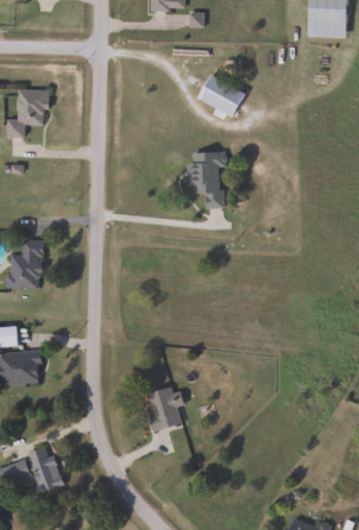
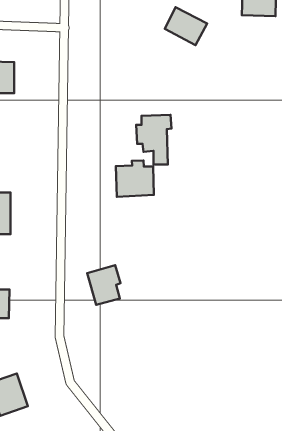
building: [198,73,246,117] -> [165,7,207,45]
building: none -> [116,161,154,197]
building: [146,383,184,429] -> [87,265,121,305]

